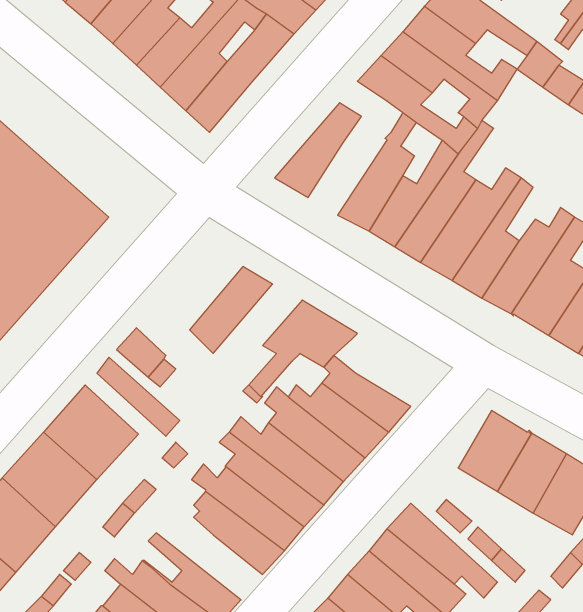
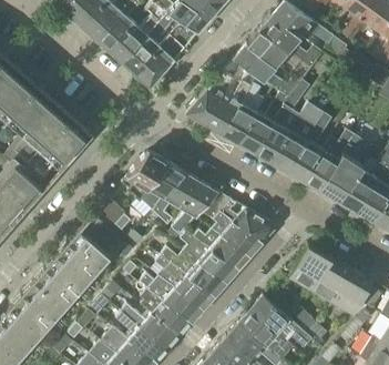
building: none -> [205,82,252,134]
building: none -> [122,154,168,199]
building: none -> [152,173,202,226]
building: none -> [219,204,274,242]
building: none -> [120,305,180,351]

